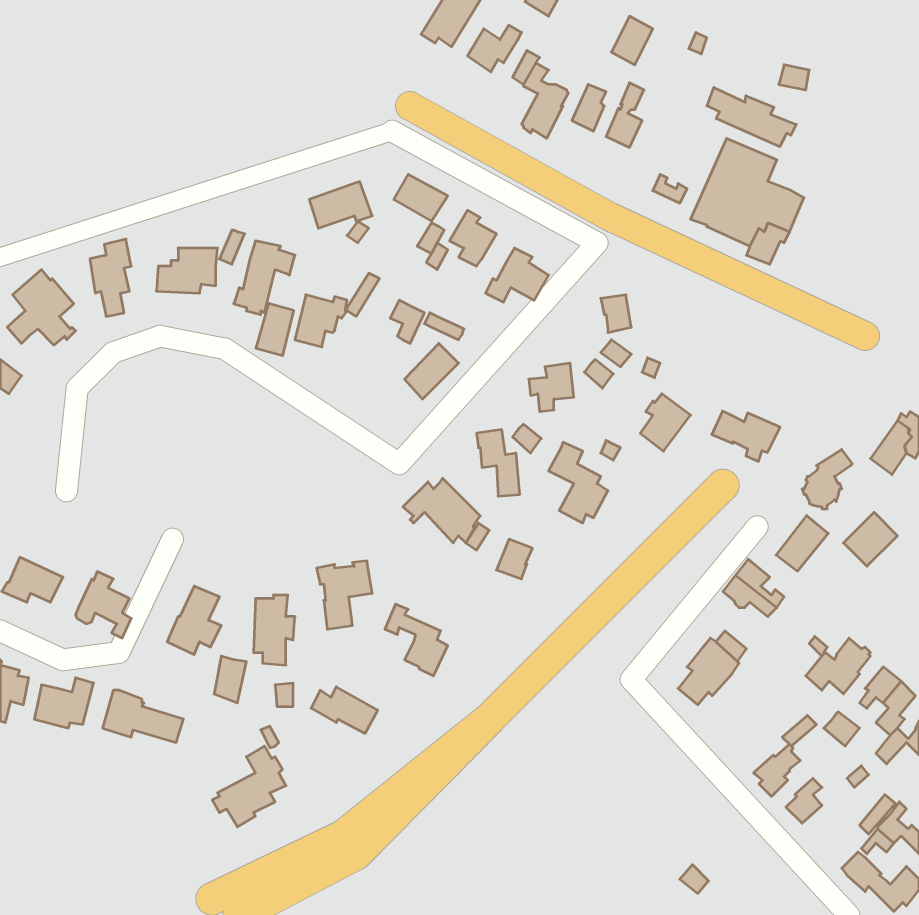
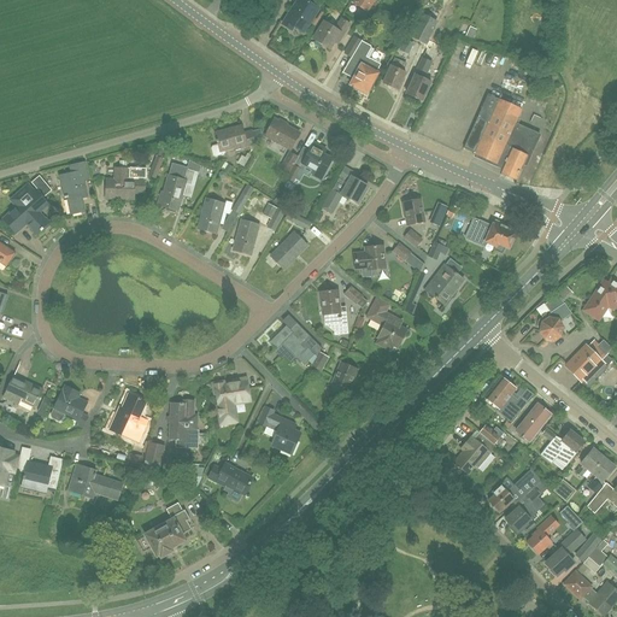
building: [707,87,796,147] -> none
building: [256,303,294,355] -> [233,219,258,254]
building: [712,411,780,461] -> [471,218,517,252]
building: [776,515,828,571] -> [516,402,551,440]
building: none -> [488,468,541,511]
building: none -> [545,529,584,574]

